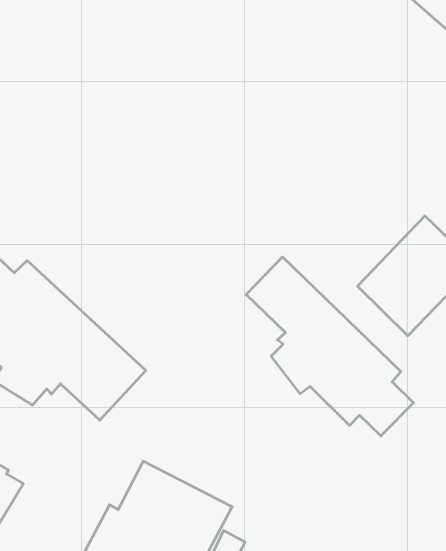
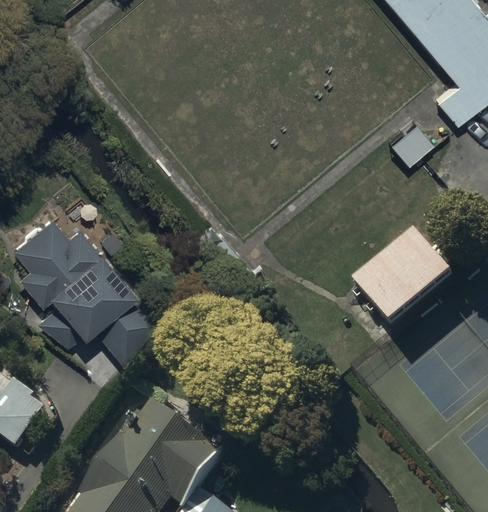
building: [246,257,414,436] -> none

